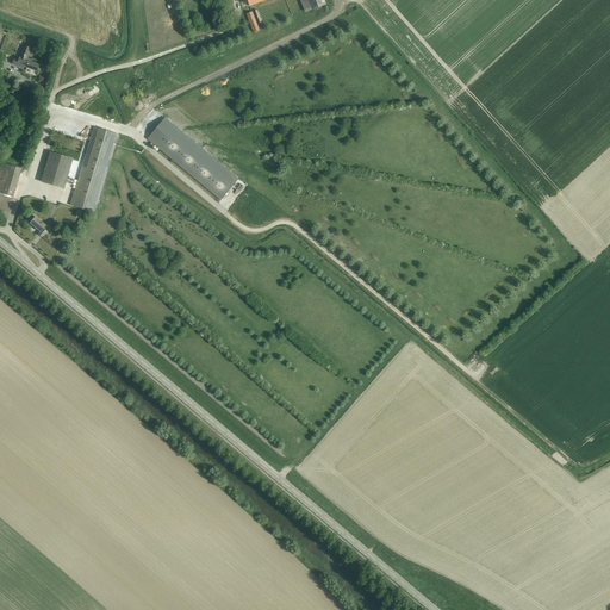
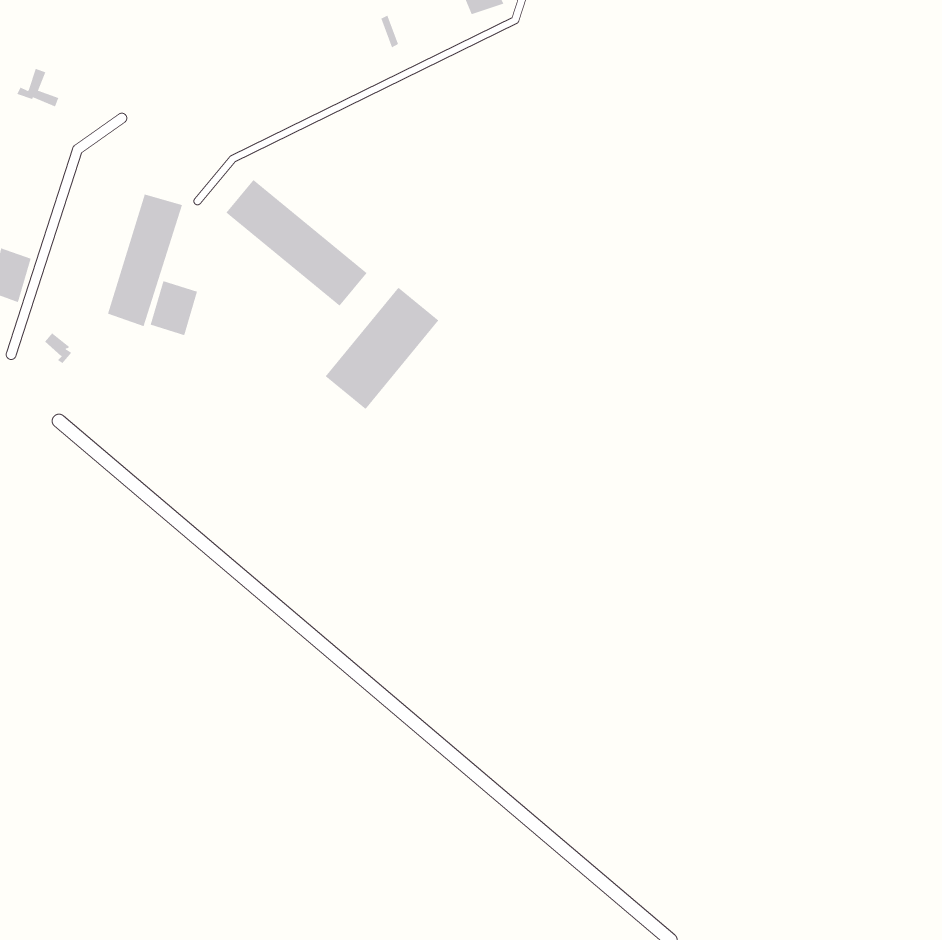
building: [41,150,71,186] -> [150,280,198,336]
building: none -> [325,287,439,410]

